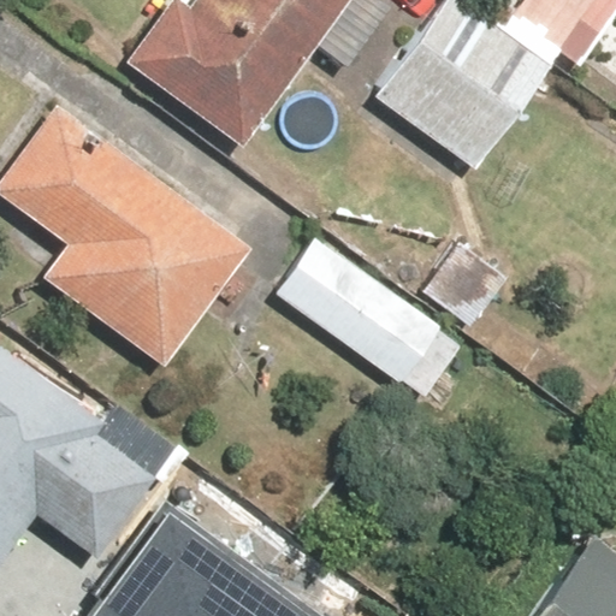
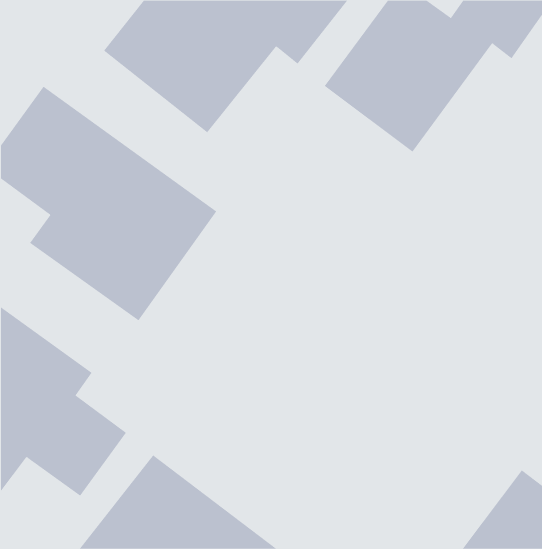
building: [272,235,461,402] -> none

